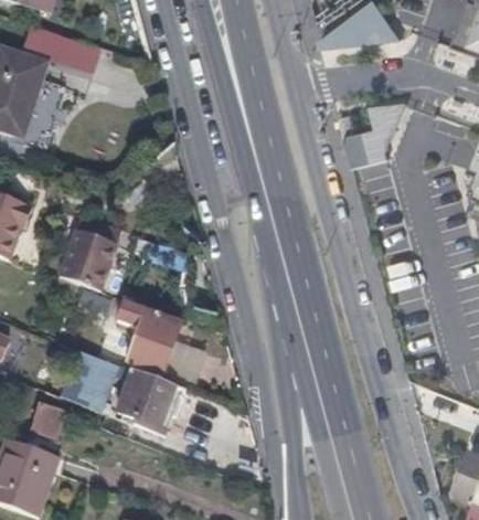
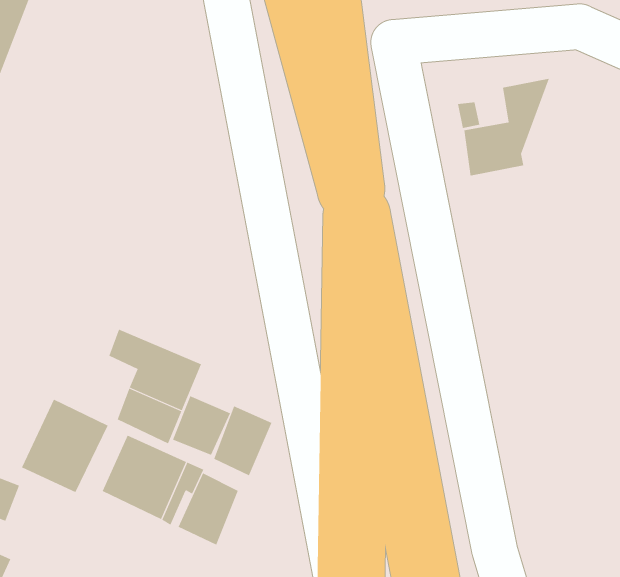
building: [57,215,118,287] -> none
building: none -> [213,405,272,476]
building: none -> [178,472,239,545]

